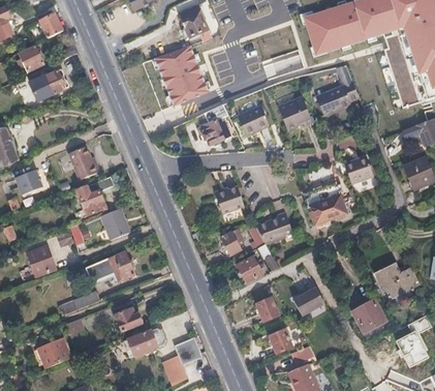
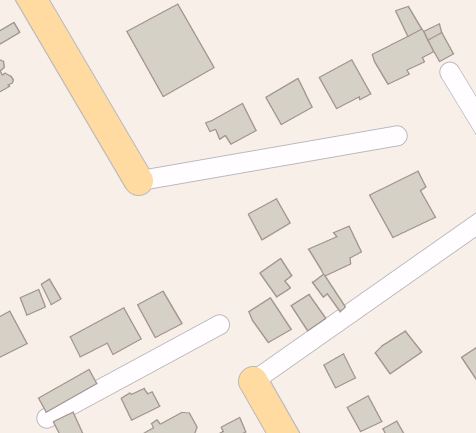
building: [71,145,99,177] -> none
building: [345,156,373,183] -> none
building: [77,179,103,213] -> none
building: [101,206,130,237] -> [138,291,182,337]
building: none -> [249,298,291,343]

